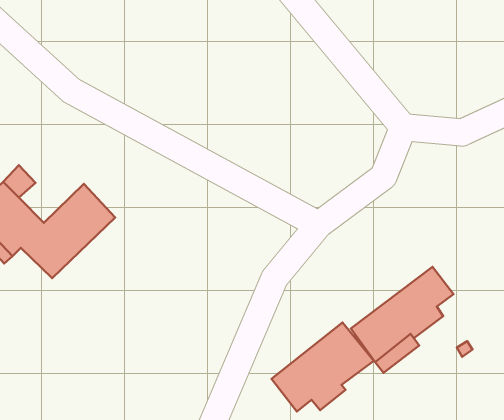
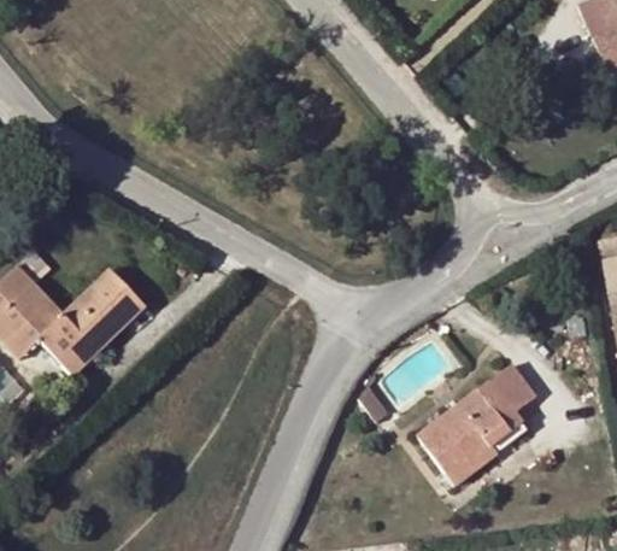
building: [271,322,374,411] -> none

